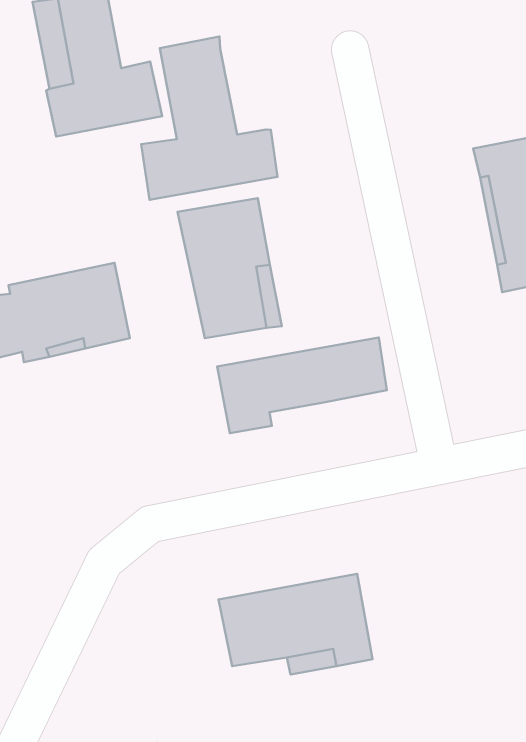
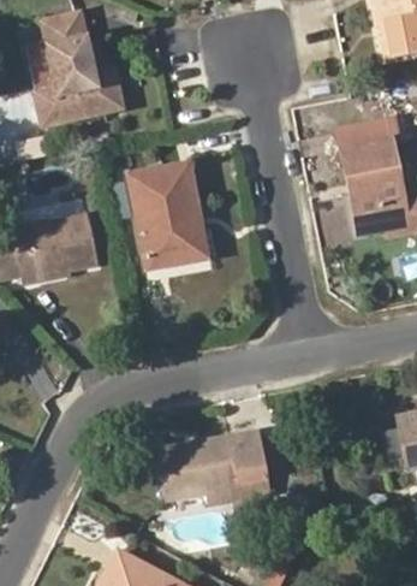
building: [141,36,278,200] -> none
building: [217,338,387,433] -> none

